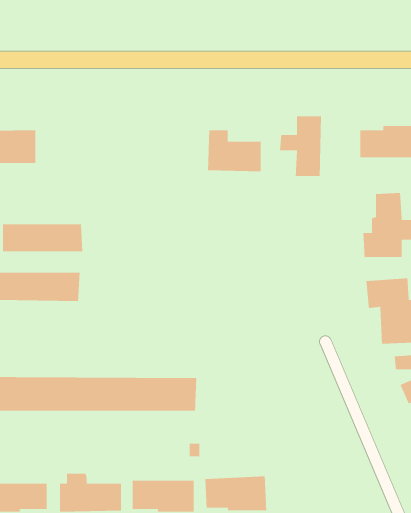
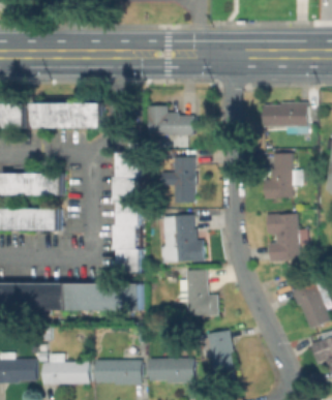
building: [279,116,322,177] -> [162,158,193,203]
building: none -> [36,105,103,129]
building: none -> [115,152,141,273]
building: none -> [163,214,204,263]
building: none -> [179,270,216,313]
building: none -> [202,331,233,372]

